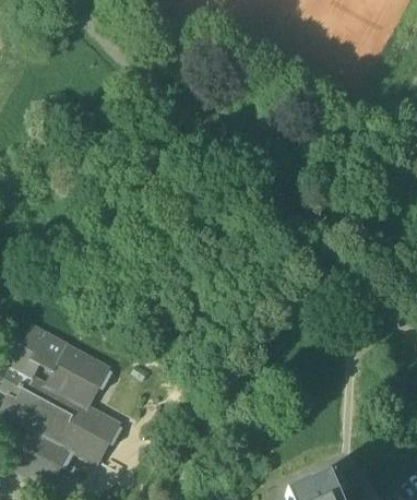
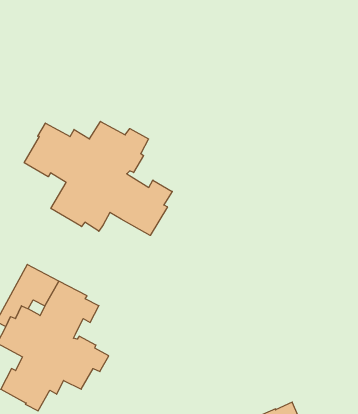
building: none -> [24,121,172,235]

